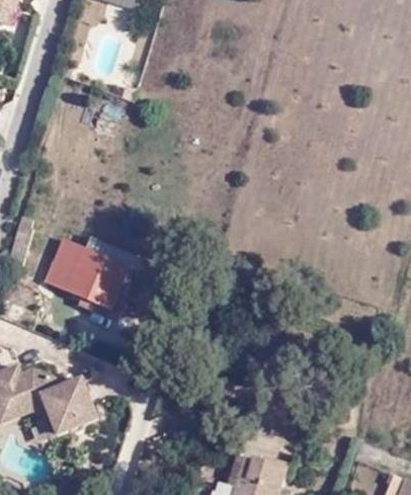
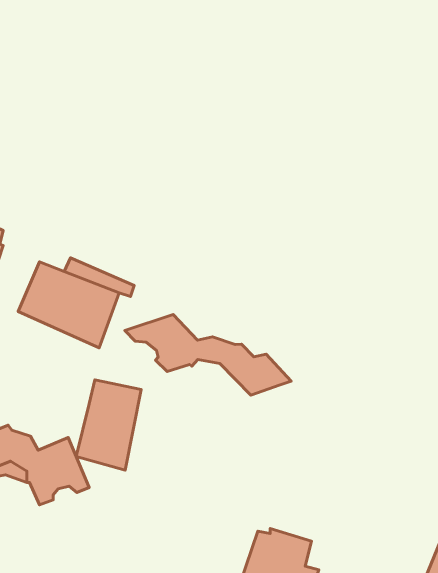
building: none -> [125,315,291,395]
building: none -> [76,380,141,470]

